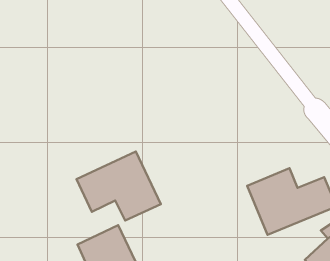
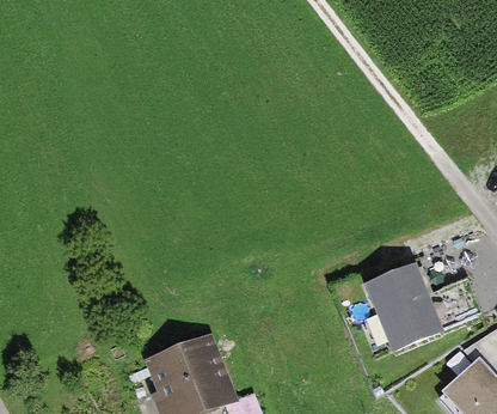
building: [76,151,161,221] -> none

